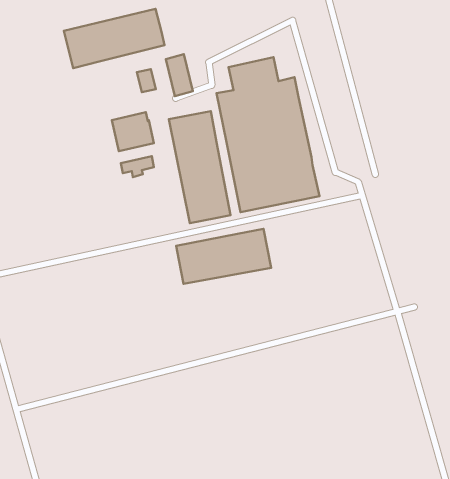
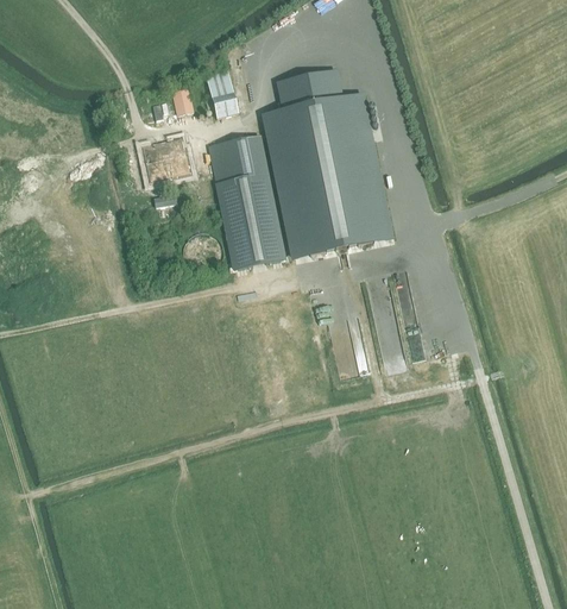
building: [64,9,165,68] -> none
building: [176,229,271,284] -> none

